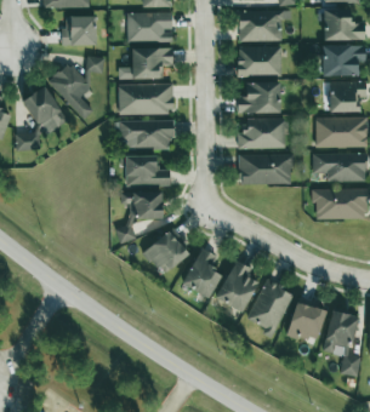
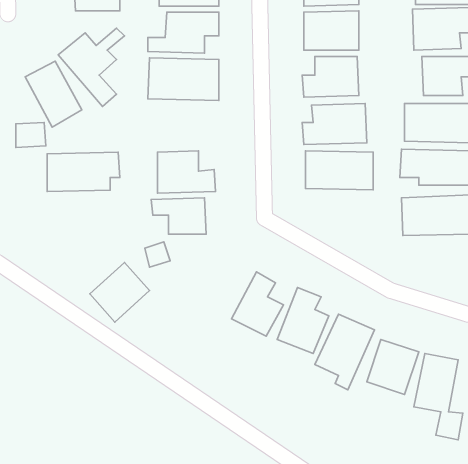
building: [119,119,175,149] -> [47,152,120,192]
building: [144,228,190,274] -> [90,262,150,322]

